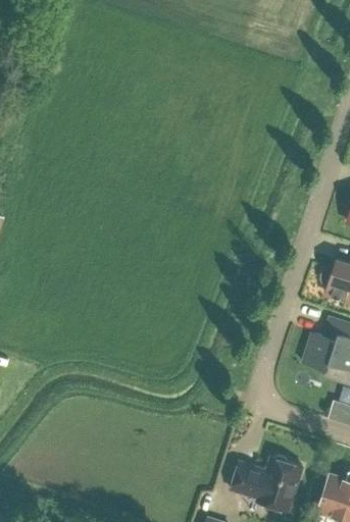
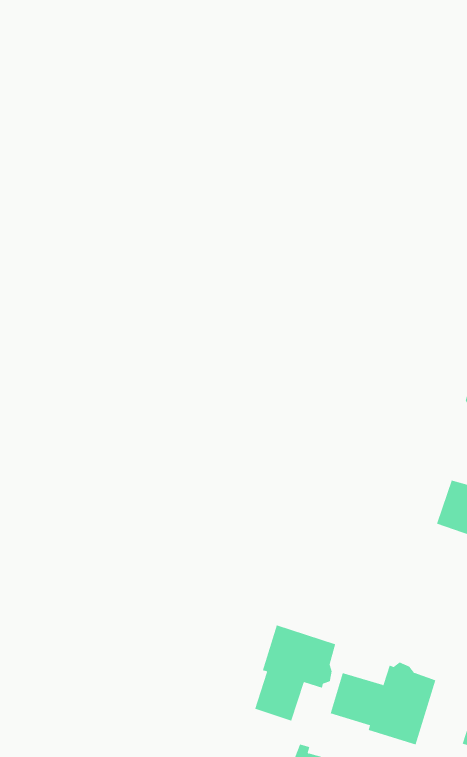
building: none -> [255,625,336,721]

